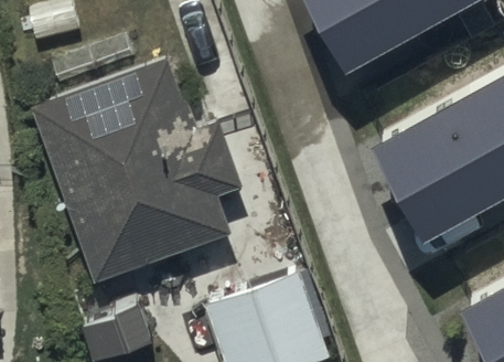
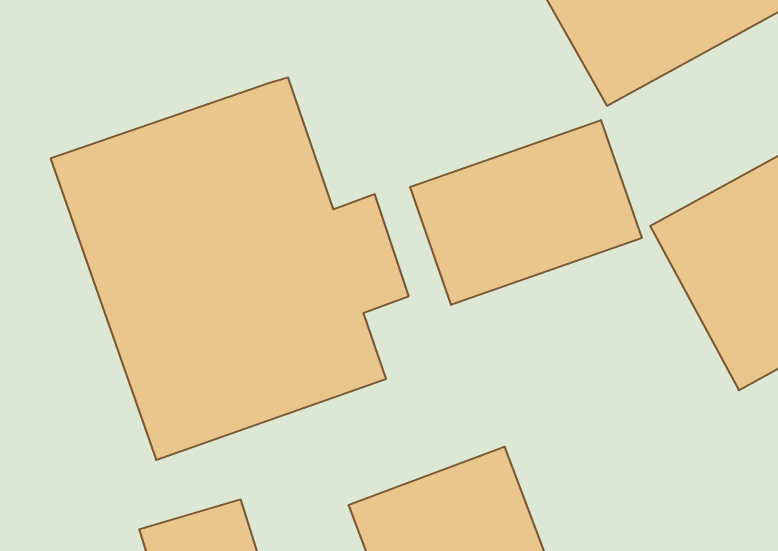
building: none -> [410,120,642,305]

